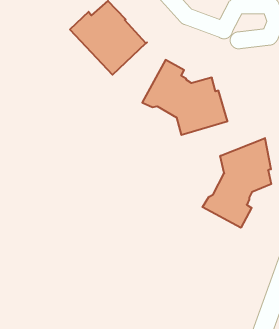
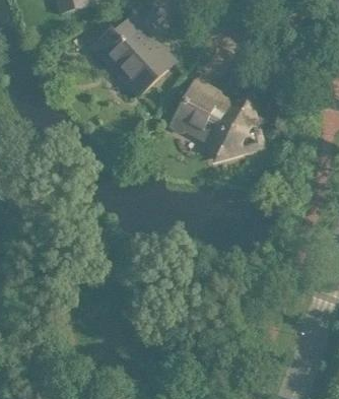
building: [202,138,271,228] -> none

